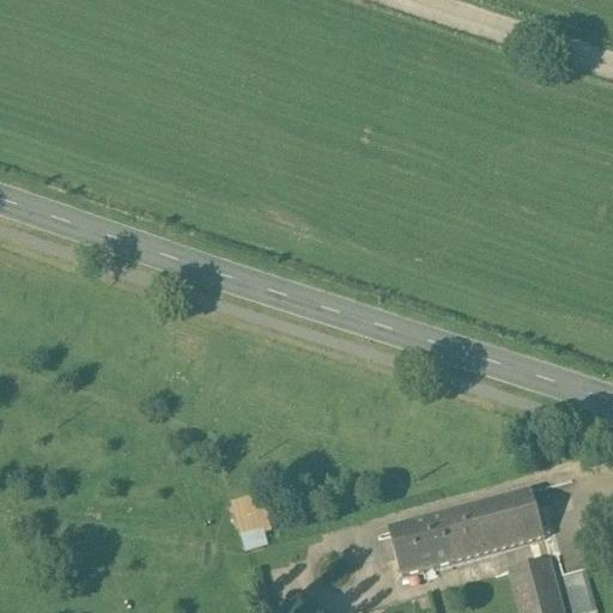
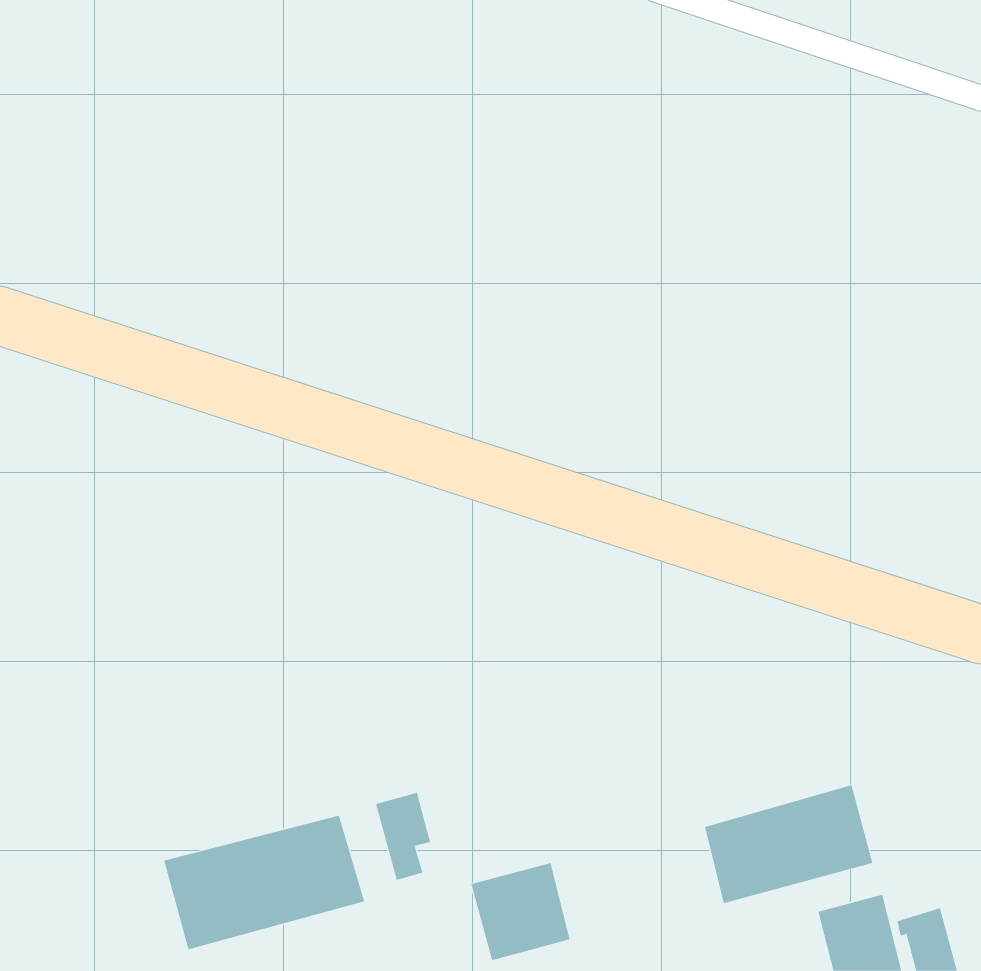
building: none -> [164,815,365,950]
building: [388,515,450,576] -> [470,863,570,961]

